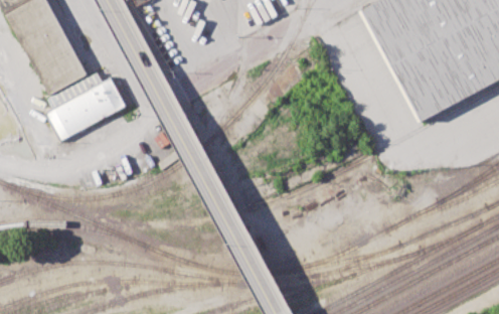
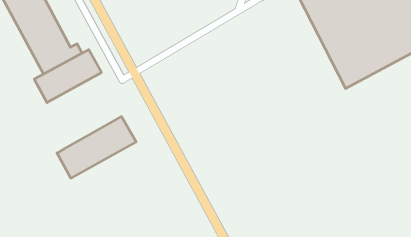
building: none -> [57,117,136,178]

